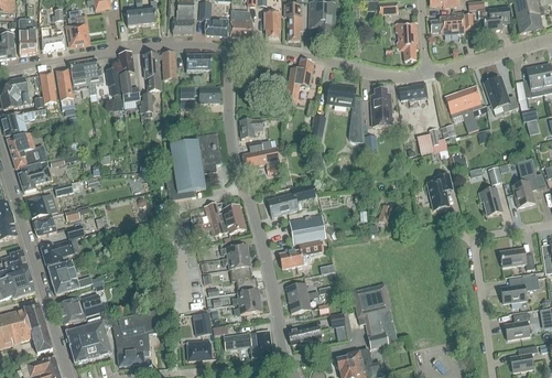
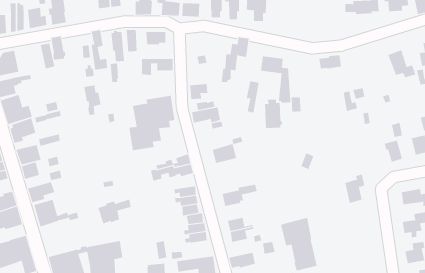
building: [393,22,418,61] -> none
building: [82,57,104,95] -> [84,85,102,115]
building: [35,72,56,108] -> none
building: [444,85,481,132] -> none
building: [370,89,393,126] -> [264,99,283,129]
building: [426,173,452,209] -> [345,174,365,204]
building: [288,214,324,244] -> none
building: [57,293,99,324] -> [98,199,132,224]

